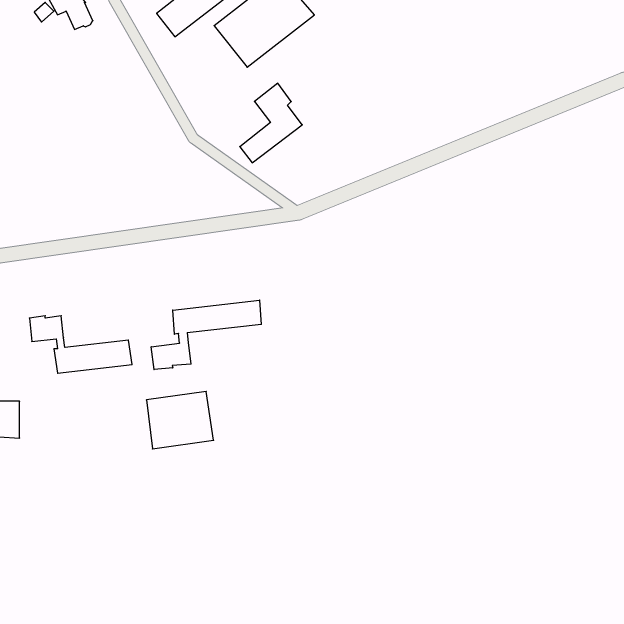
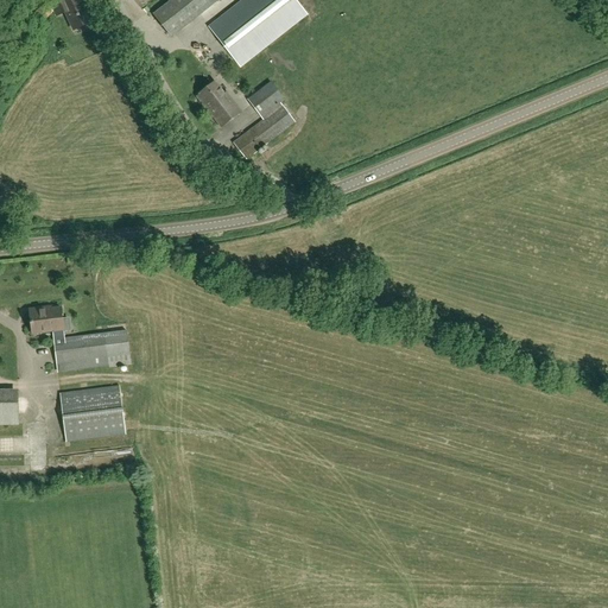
building: none -> [195,81,240,126]
building: [151,300,261,370] -> none
building: [146,391,214,449] -> [59,385,125,441]

